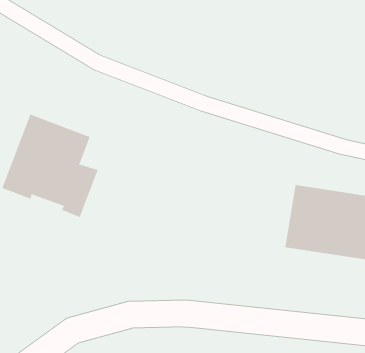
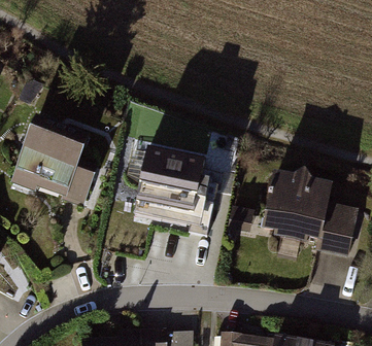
building: none -> [133,150,219,214]

